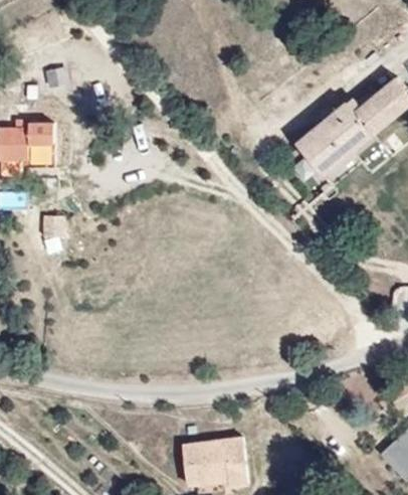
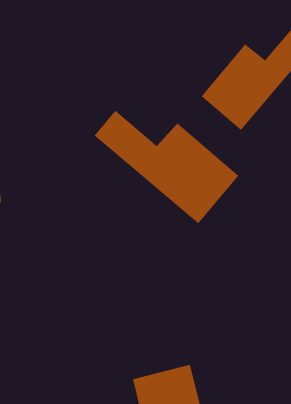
building: none -> [94,110,239,224]

